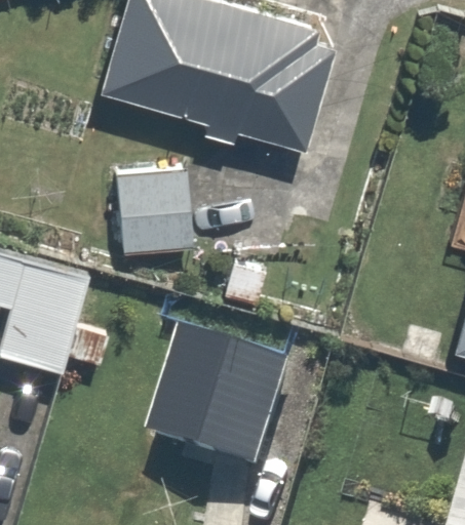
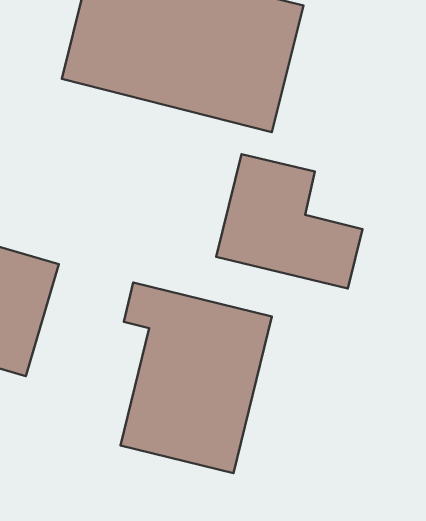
building: [109,166,198,255] -> none
building: none -> [216,154,362,289]

